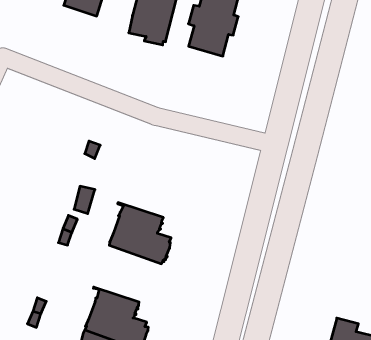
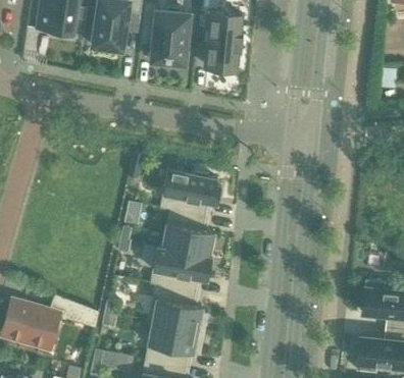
building: none -> [163,170,221,216]
building: none -> [153,247,212,291]

